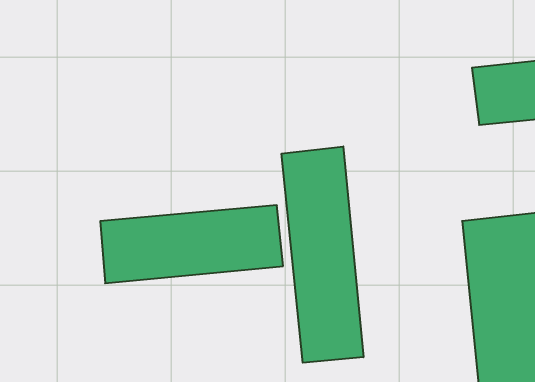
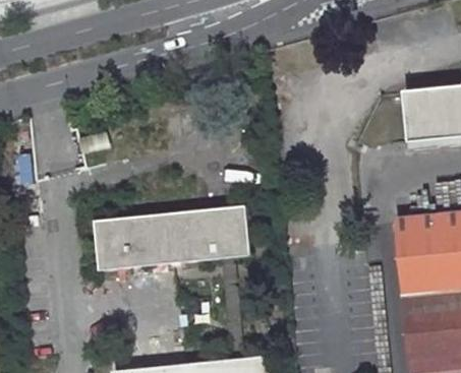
building: [282,146,363,363] -> none

